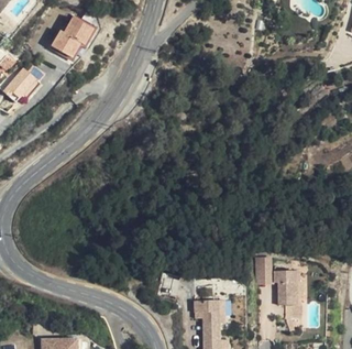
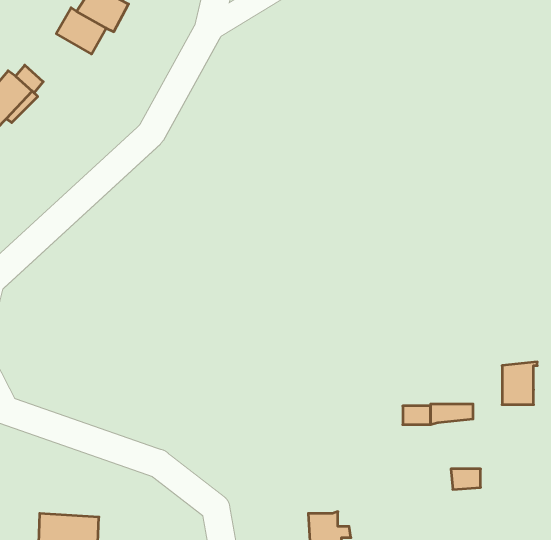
building: [278,276,299,302] -> [502,362,537,405]
building: [190,302,221,332] -> none

